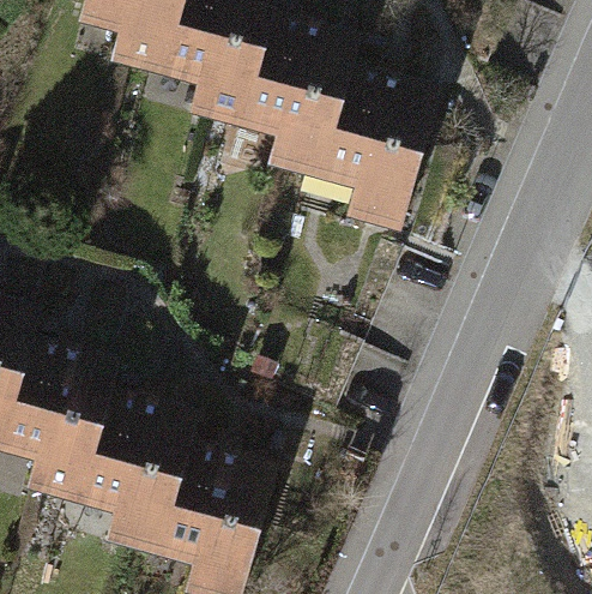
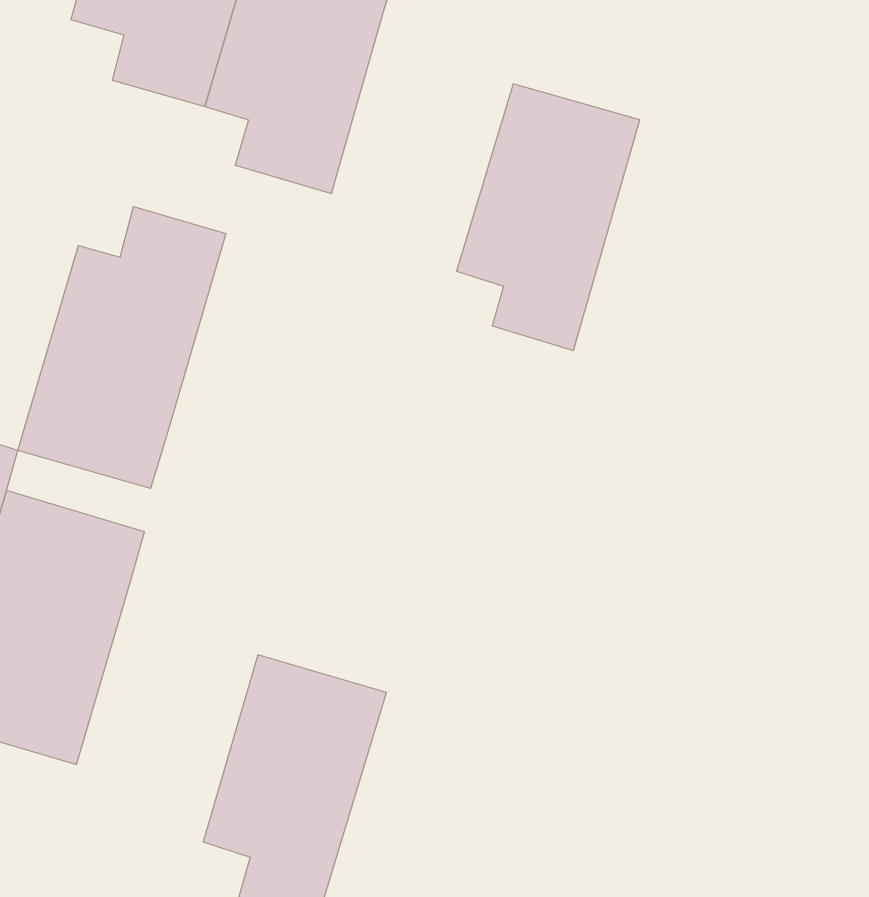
building: [241,26,362,193] -> none
building: none -> [18,207,226,489]
building: [79,389,201,556] -> none

